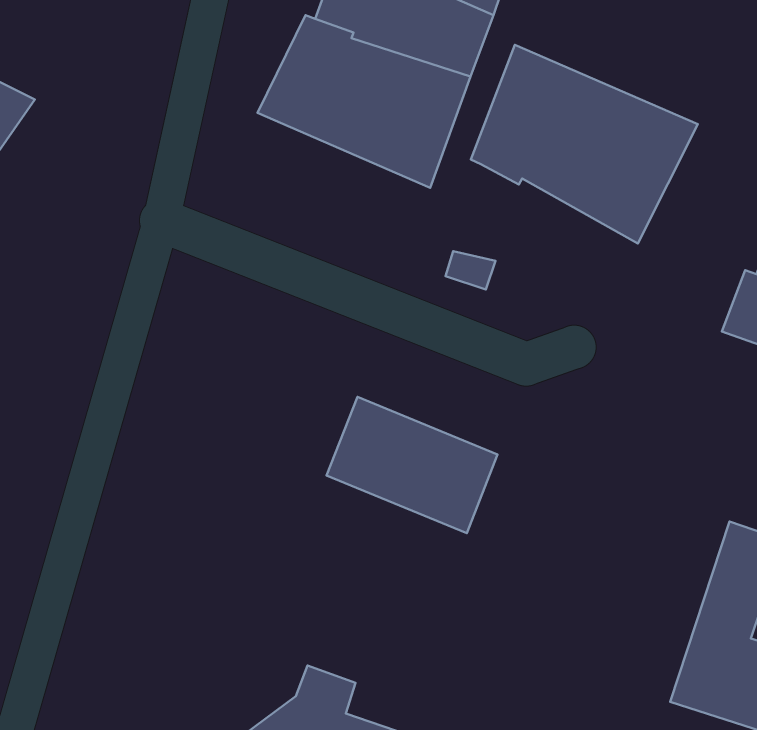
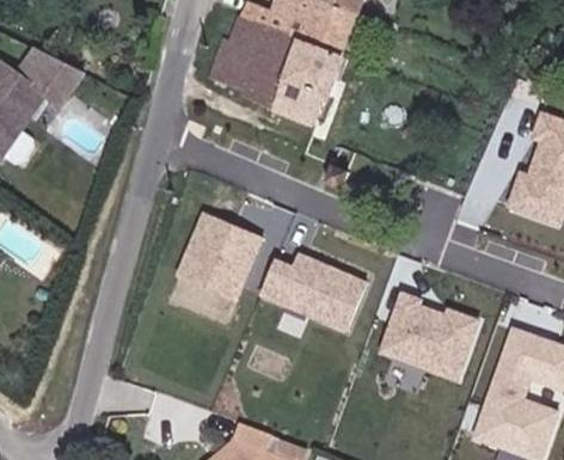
building: [471,45,698,243] -> none
building: none -> [171,213,256,302]
building: none -> [380,295,476,381]

